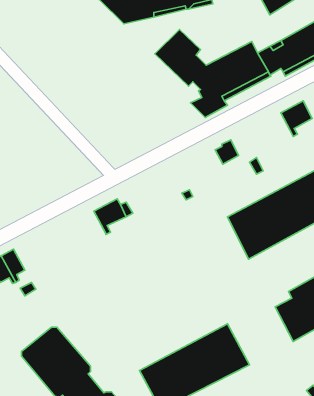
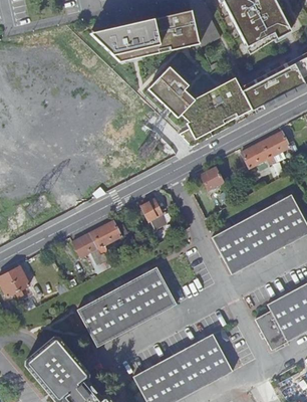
building: none -> [242,143,279,180]
building: none -> [140,200,164,244]
building: none -> [73,231,111,271]
building: none -> [77,265,177,345]

